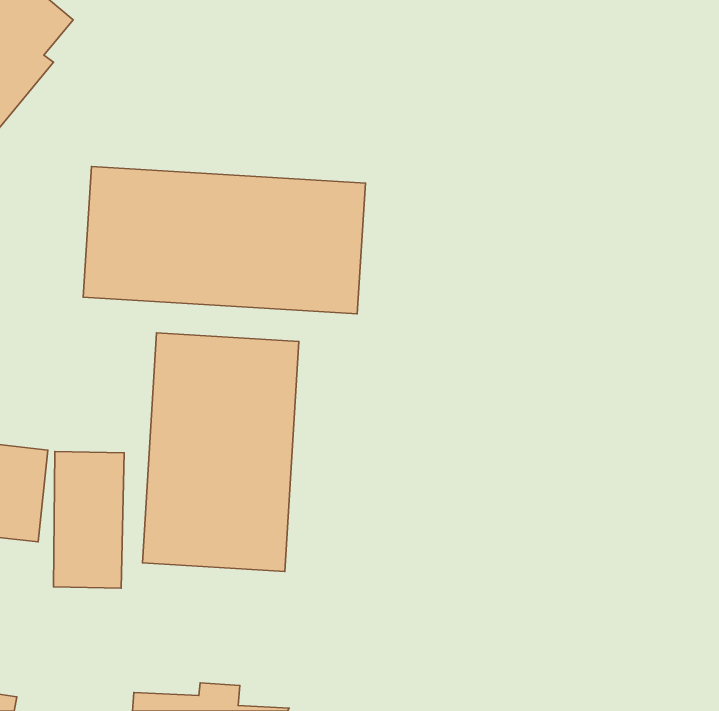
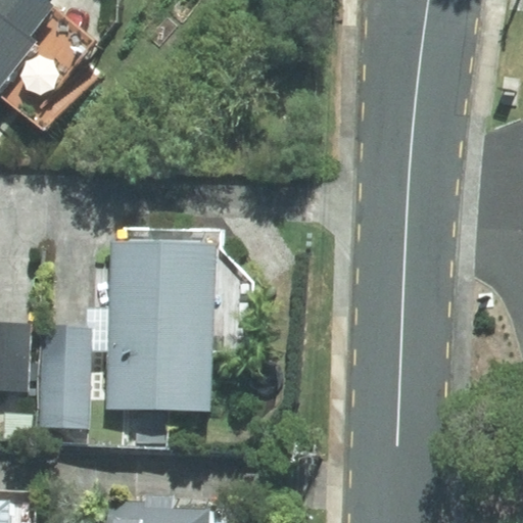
building: [83,166,365,314] -> none

